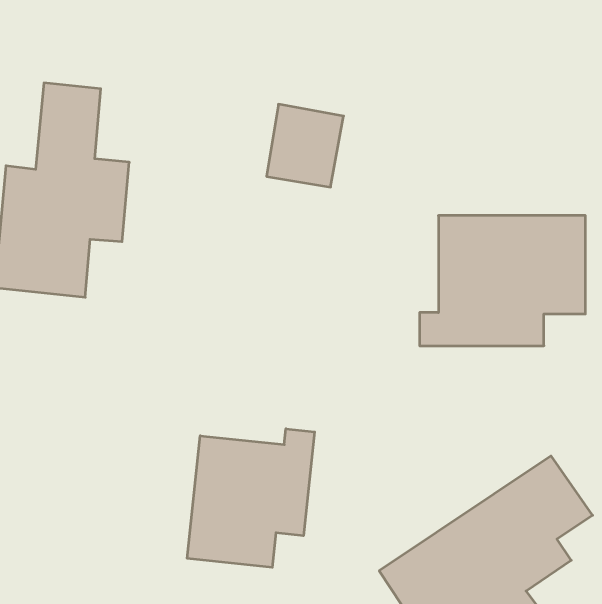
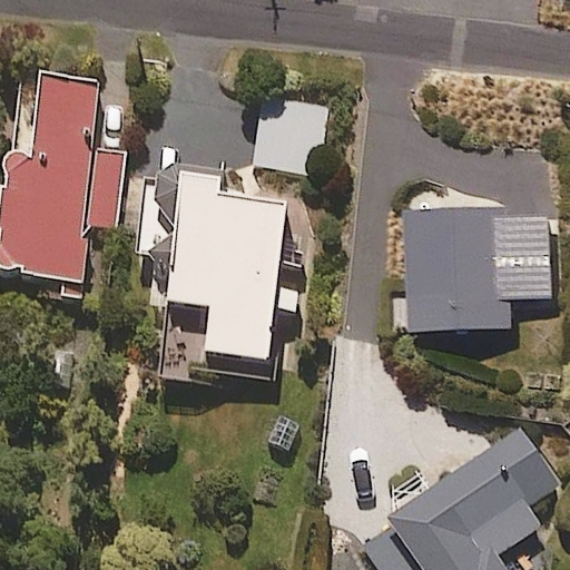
building: none -> [168,175,284,361]
building: [187,429,315,567] -> none

